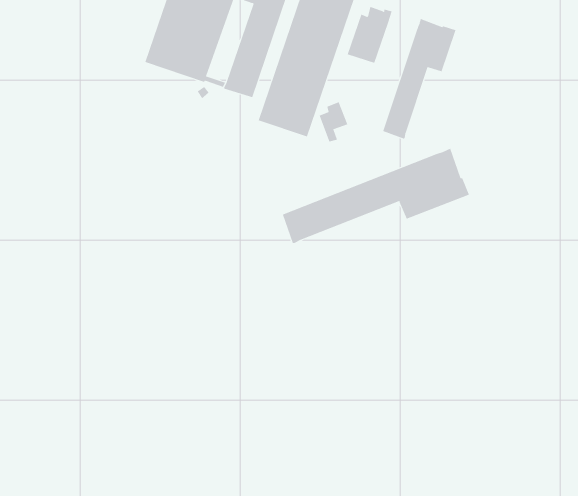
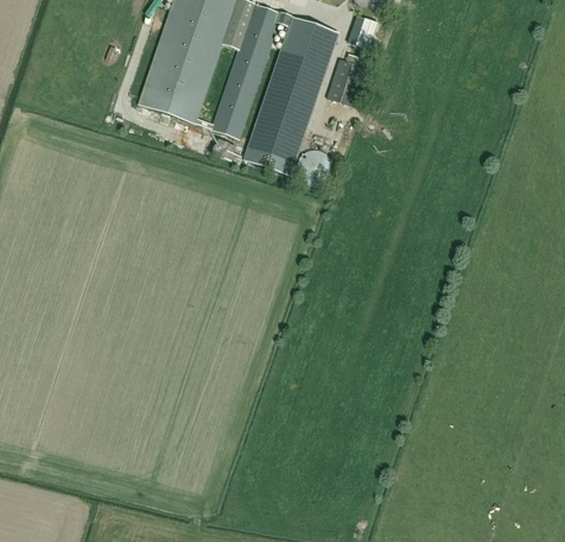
building: [382,18,456,140] -> none
building: [282,148,470,244] -> none

